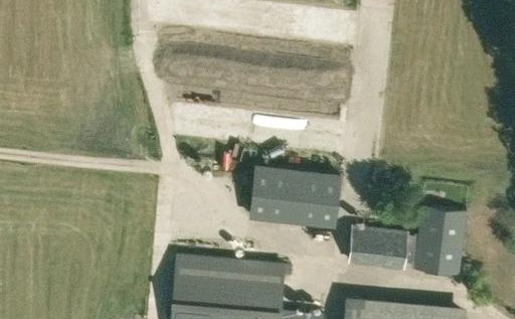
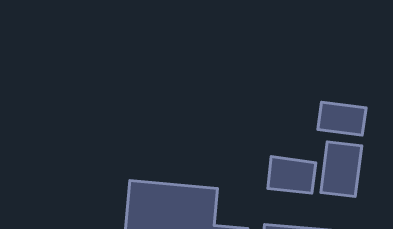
building: none -> [318,102,366,135]
building: [249,163,343,226] -> none

